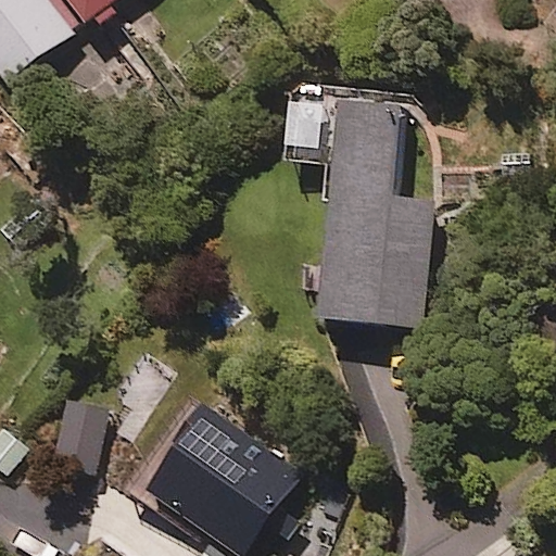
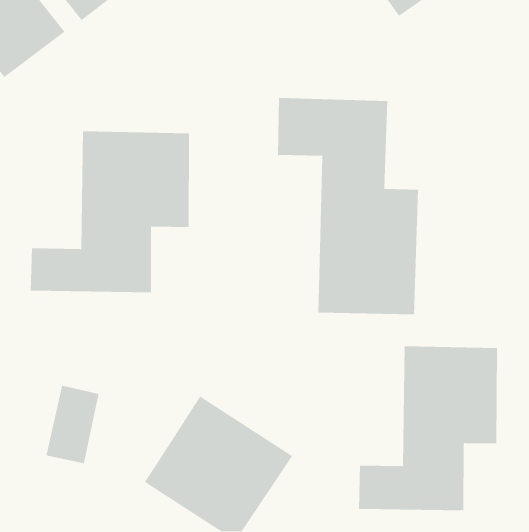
building: none -> [30,130,190,293]
building: none -> [358,345,498,511]

